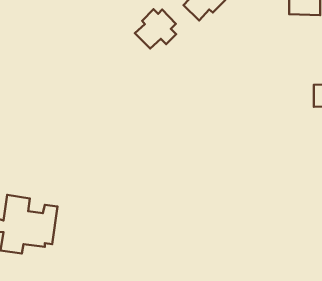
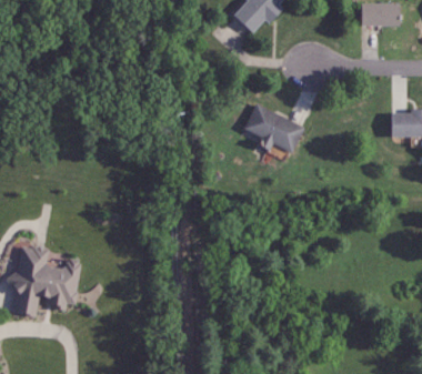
building: [135,9,176,49] -> none
building: none -> [243,104,303,152]

